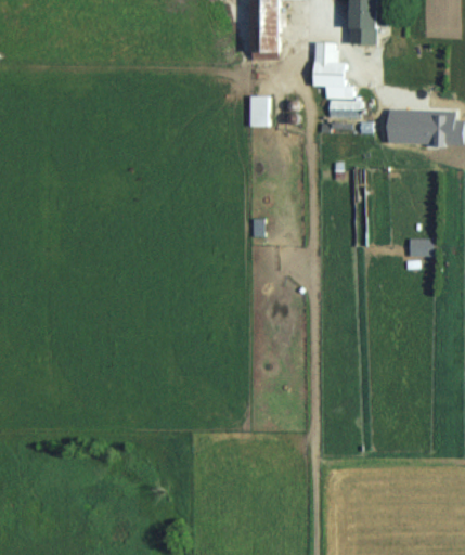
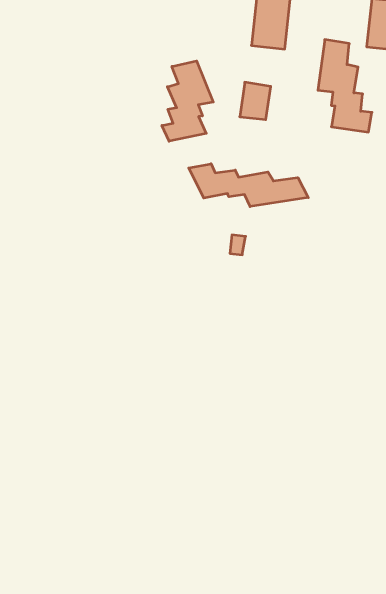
building: none -> [162,61,213,141]
building: none -> [189,164,308,207]

